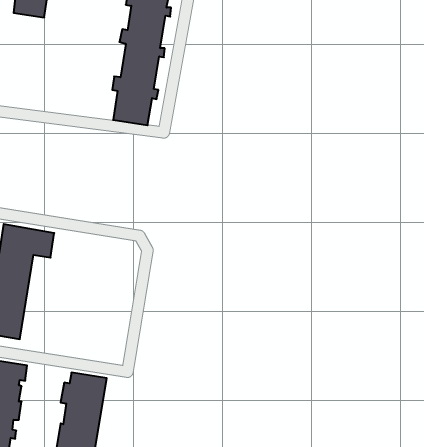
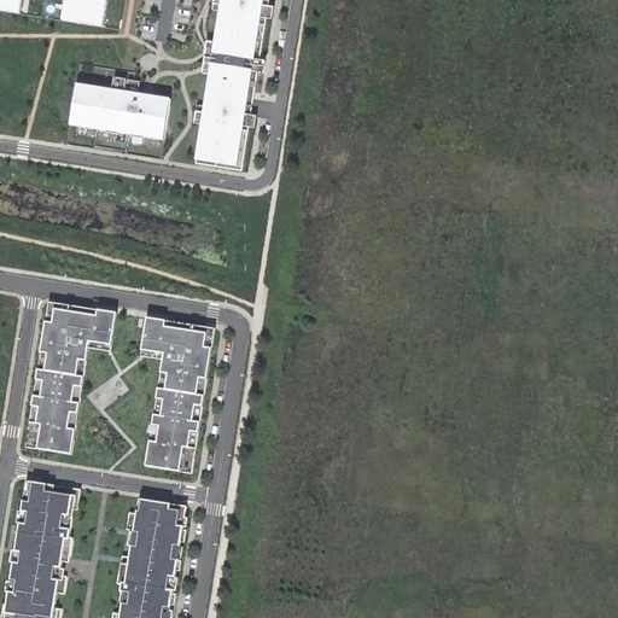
building: none -> [68,76,168,138]
building: none -> [139,316,214,472]

